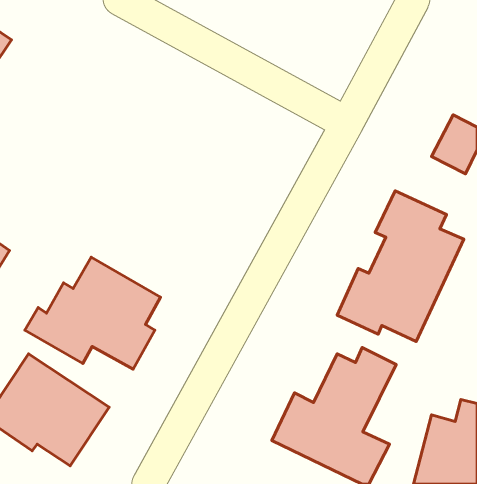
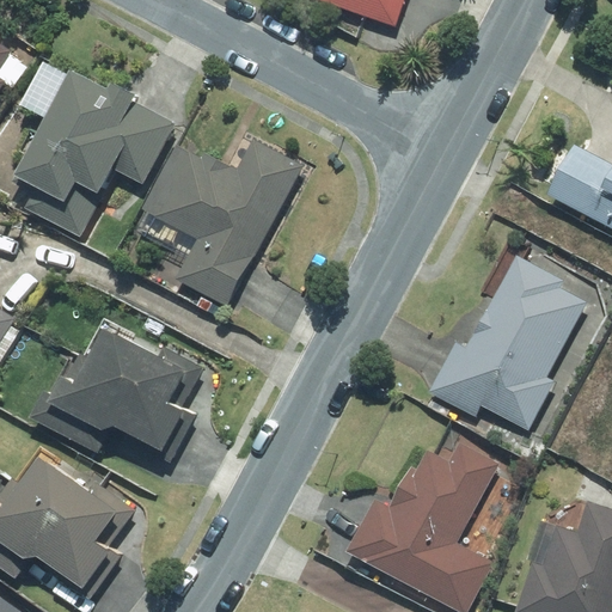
building: none -> [24,73,173,240]
building: none -> [142,139,304,306]

